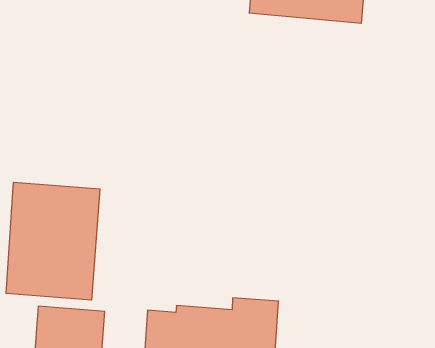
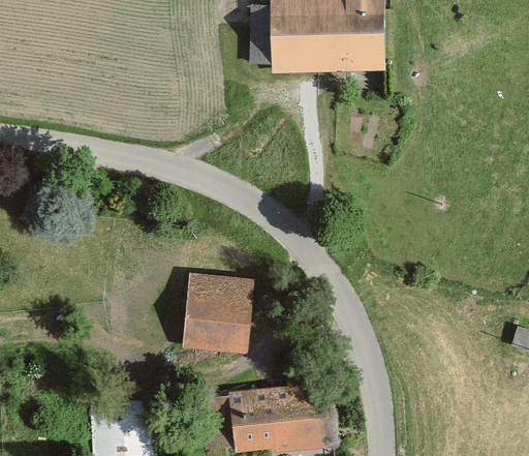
building: [6,182,100,300] -> none
building: none -> [181,272,254,349]

